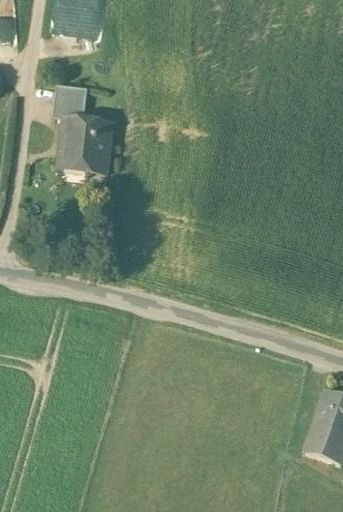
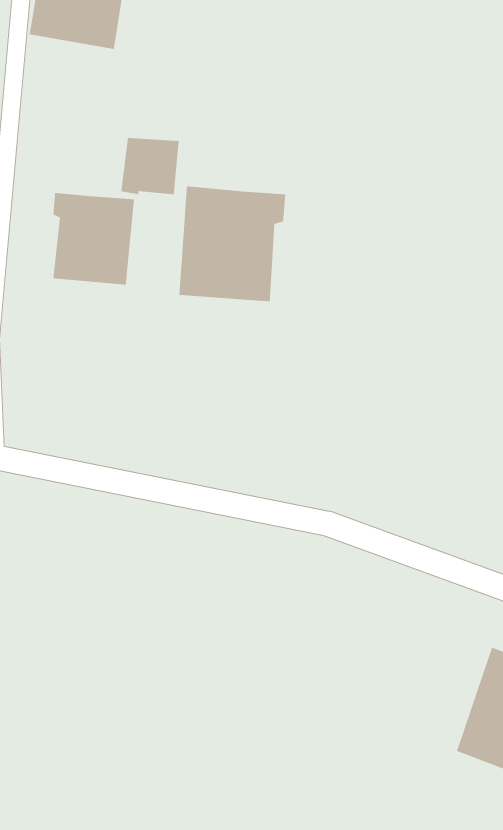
building: [52,85,87,119] -> [121,138,179,195]
building: none -> [179,186,286,302]

